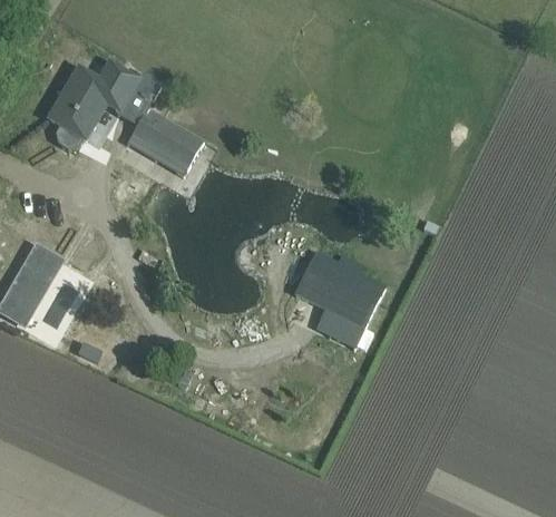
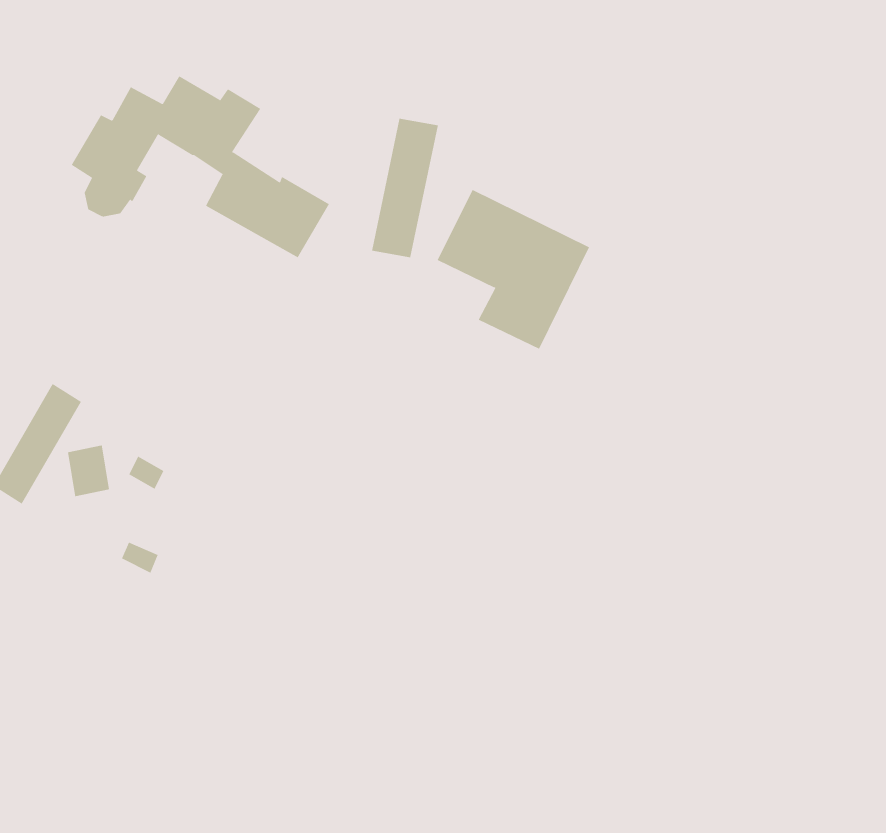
building: none -> [371,118,439,258]
building: [293,251,384,347] -> [437,189,590,350]

